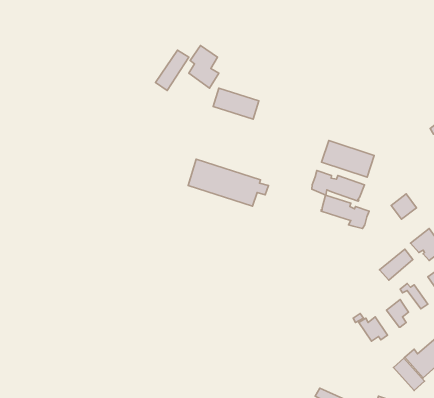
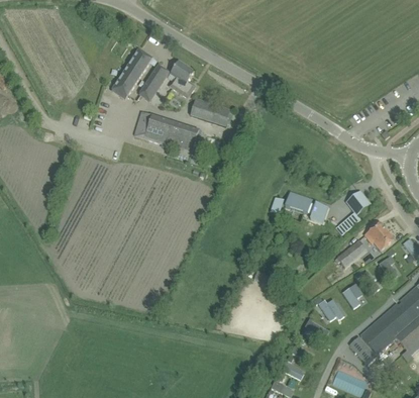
building: none -> [112,48,152,98]
building: [322,140,374,177] -> none
building: [188,159,269,206] -> [135,111,206,153]
building: [312,170,364,201] -> none

